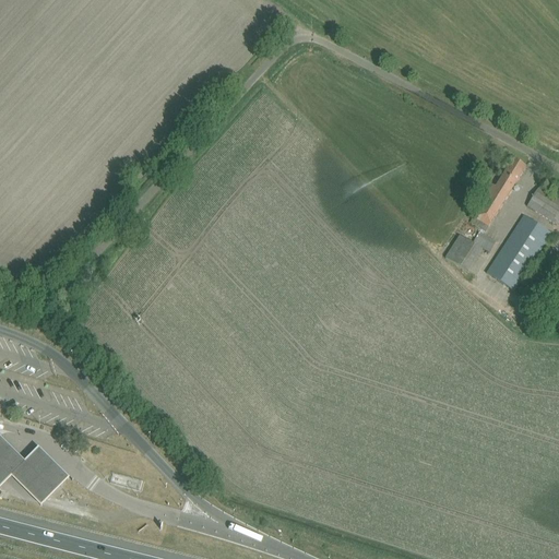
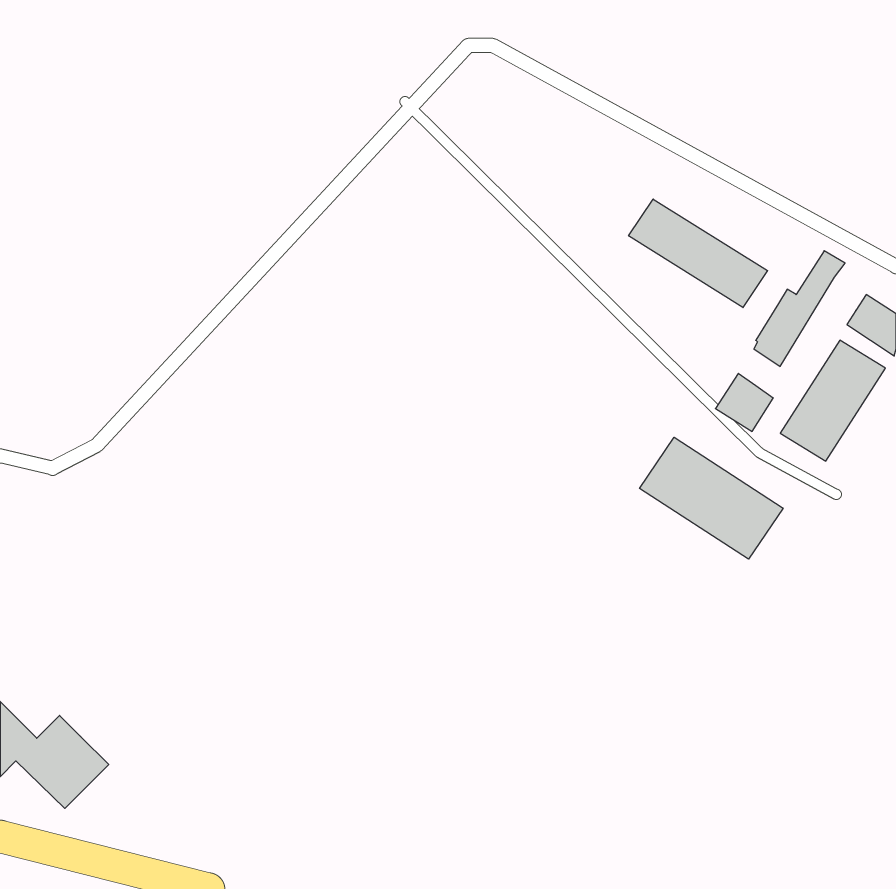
building: none -> [629,199,768,308]
building: none -> [640,437,783,559]

